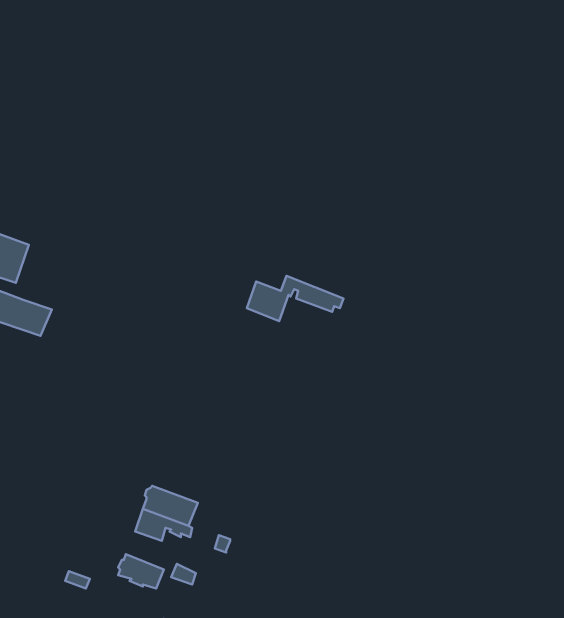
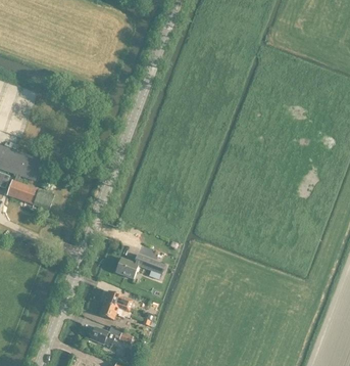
building: [247,276,344,321] -> [115,255,167,279]

